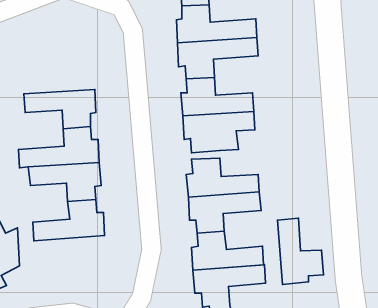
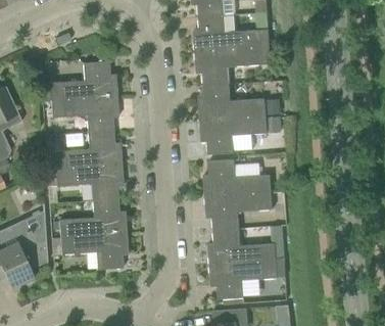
building: none -> [41,60,117,100]
building: [277,218,323,285] -> none
building: none -> [60,232,128,269]

